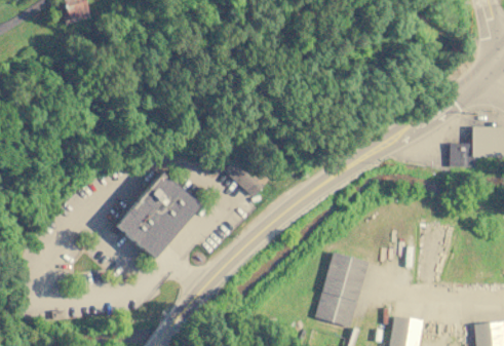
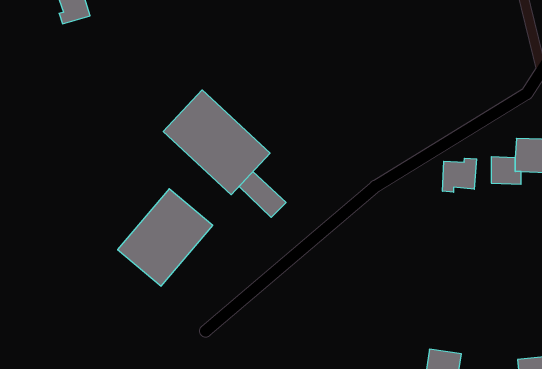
building: none -> [163,90,270,195]
building: none -> [443,158,477,192]
building: [314,251,370,326] -> none

